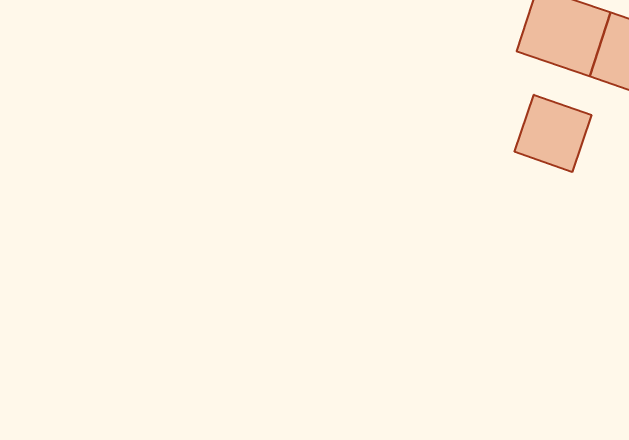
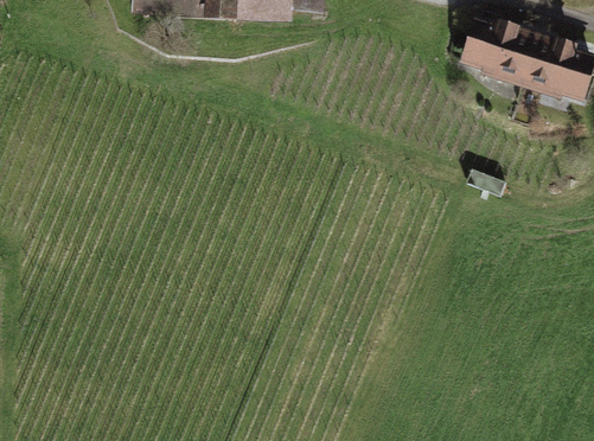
building: [515,95,591,172] -> none

